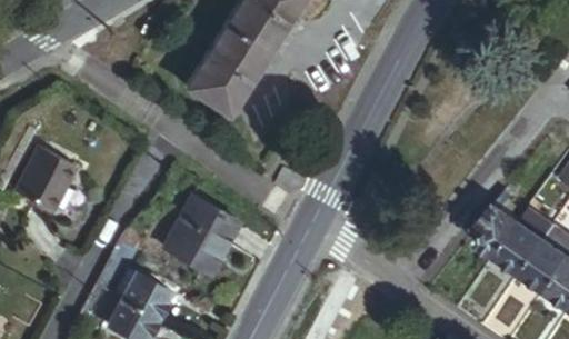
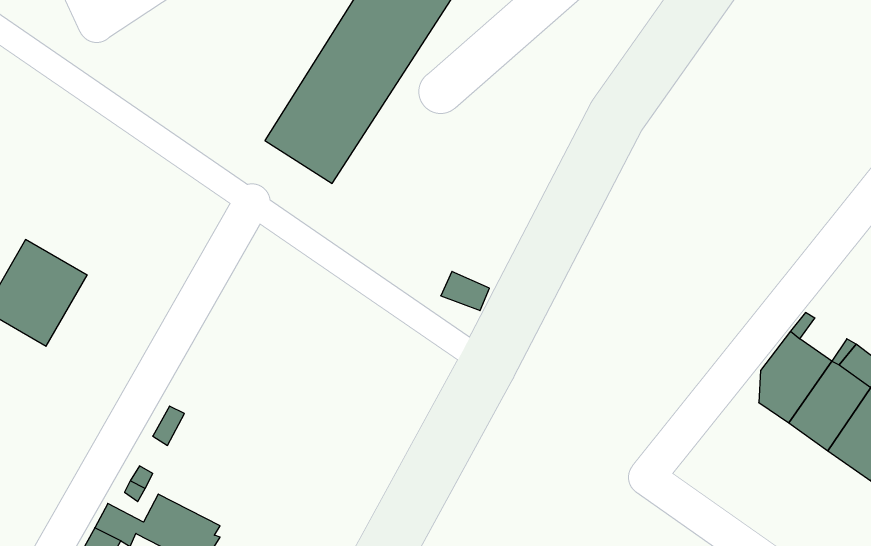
building: [167,199,240,270] -> none
building: [123,276,173,321] -> none

